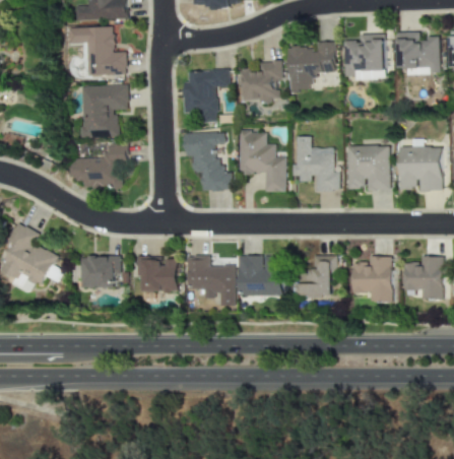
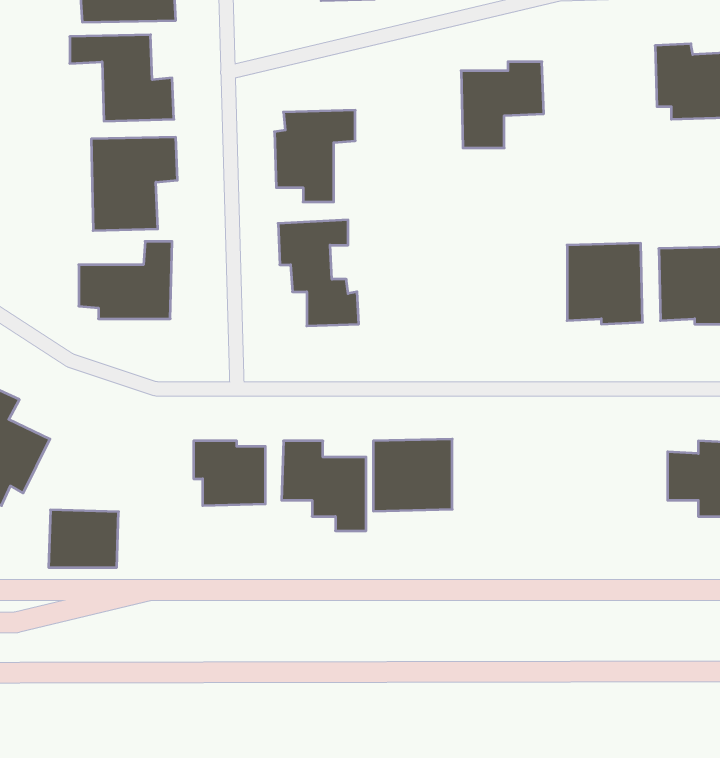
building: [345,34,385,79] -> none
building: [241,60,281,100] -> none
building: [239,131,285,191] -> none
building: [295,136,339,190] -> none
building: [80,255,120,287] -> [49,510,119,567]
building: [300,255,336,297] -> none
building: [353,256,394,303] -> none

